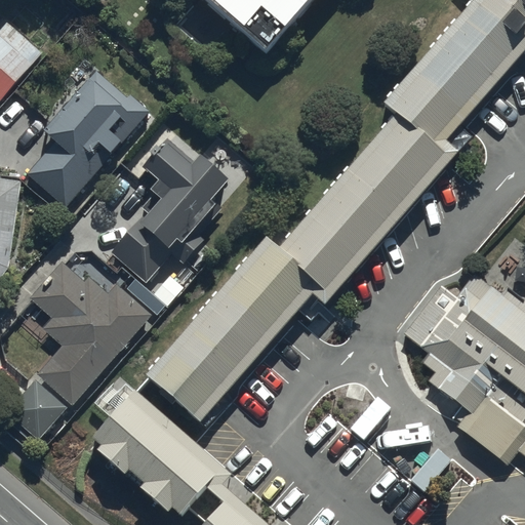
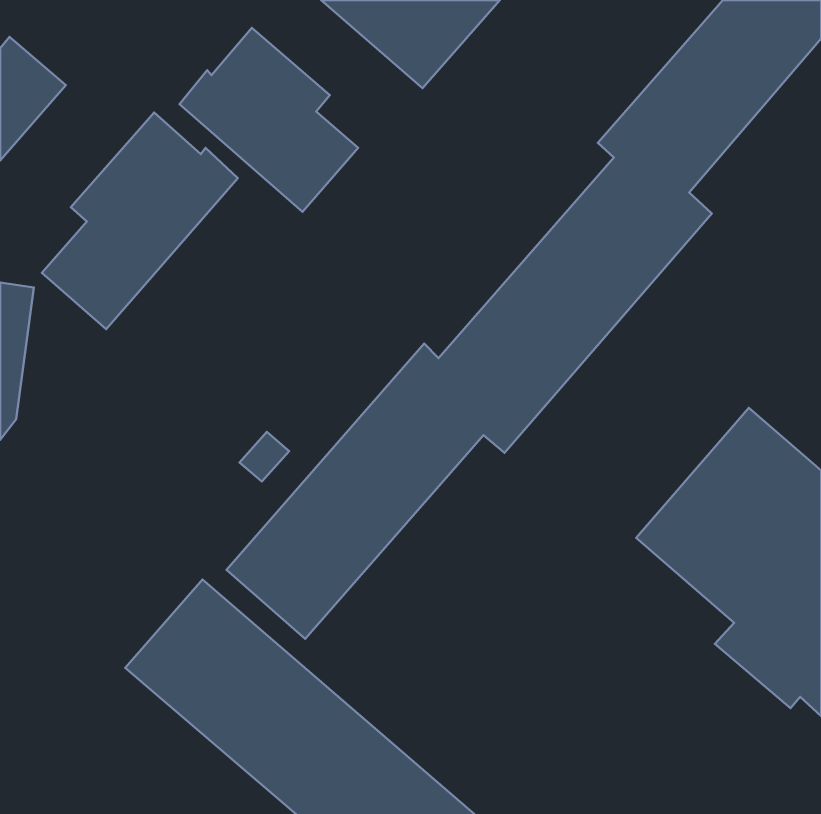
building: none -> [179,28,358,212]
building: [109,146,232,288] -> none
building: [9,267,153,445] -> none

